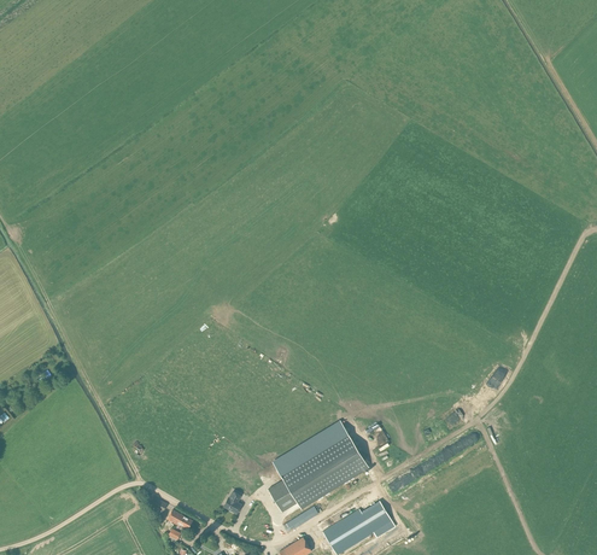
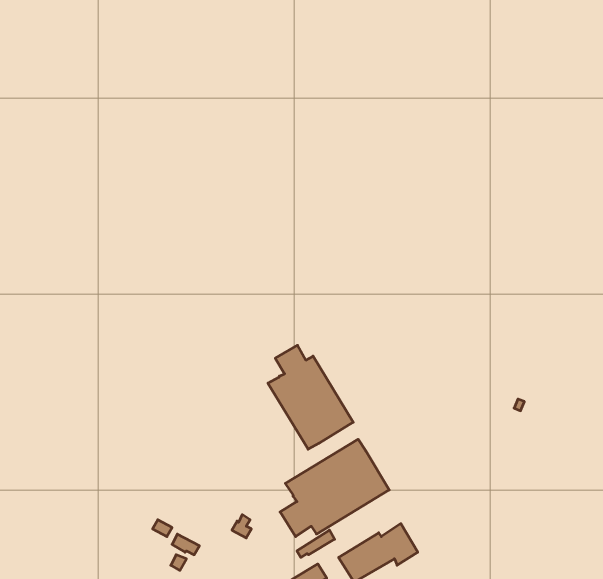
building: none -> [268,345,353,449]

